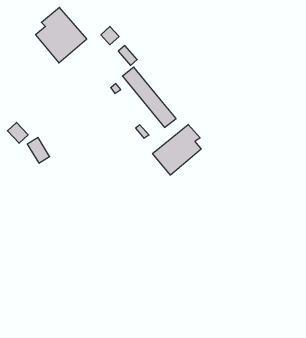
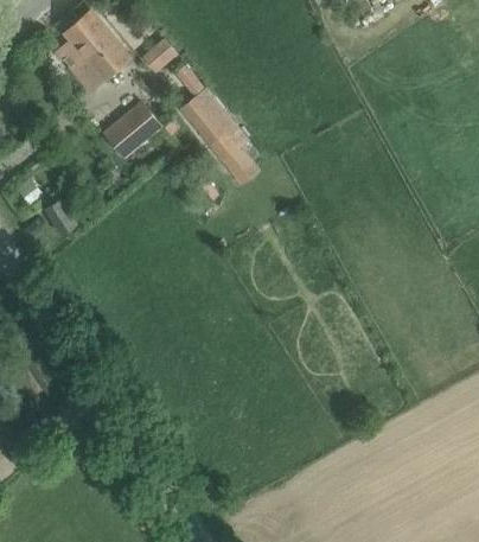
building: none -> [103,100,162,158]
building: [153,124,201,175] -> none

